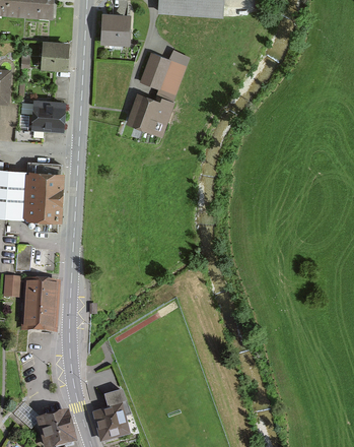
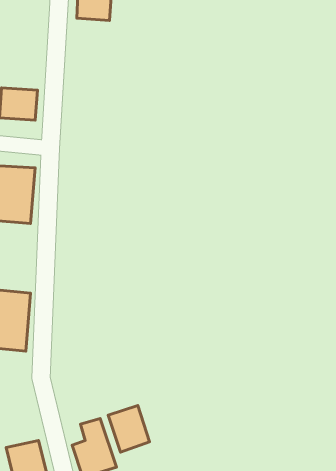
building: [41,42,68,69] -> none
building: [128,53,188,135] -> none
building: none -> [108,406,150,452]

